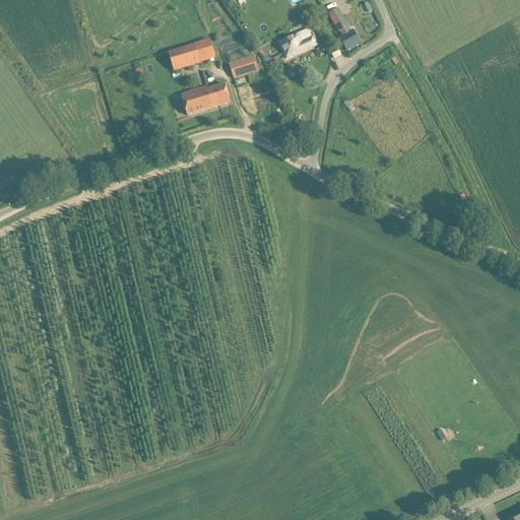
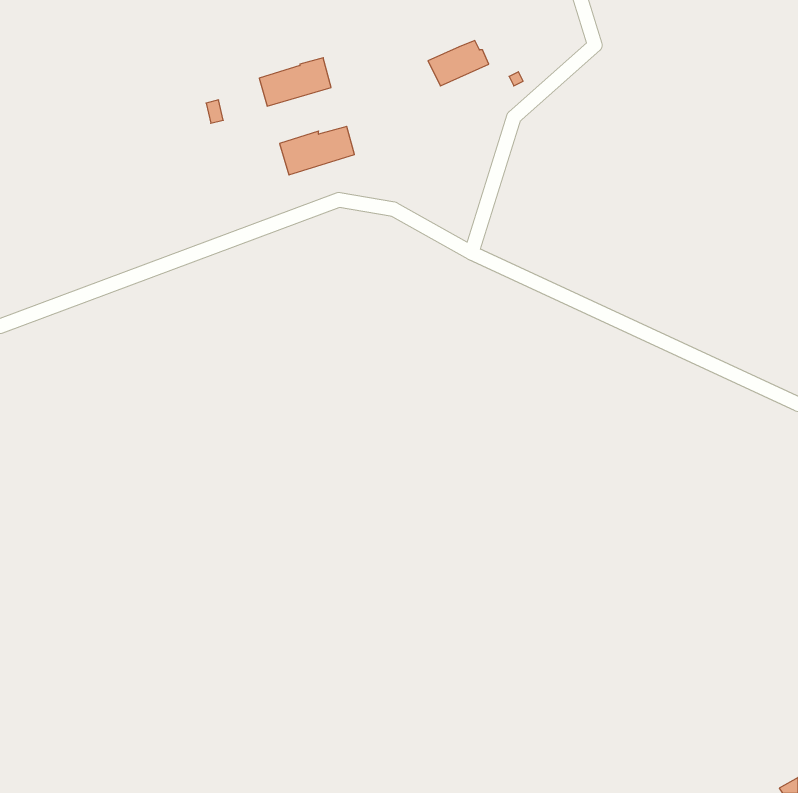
building: [328,6,361,49] -> none
building: [229,54,259,77] -> none

